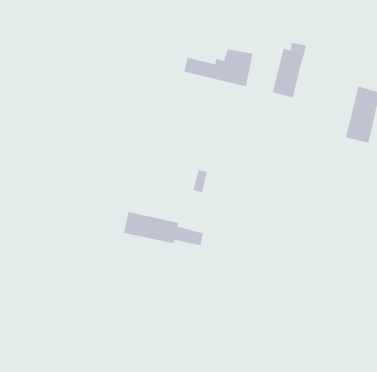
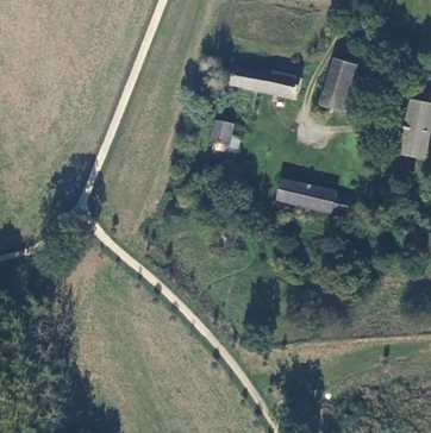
building: none -> [208,118,238,148]
building: [123,212,204,246] -> [276,180,360,215]

